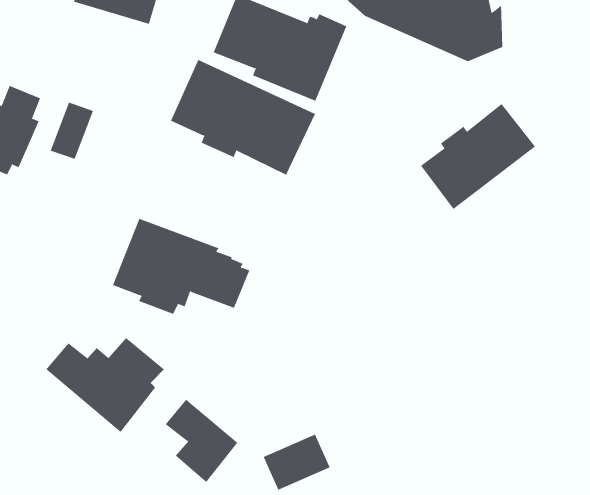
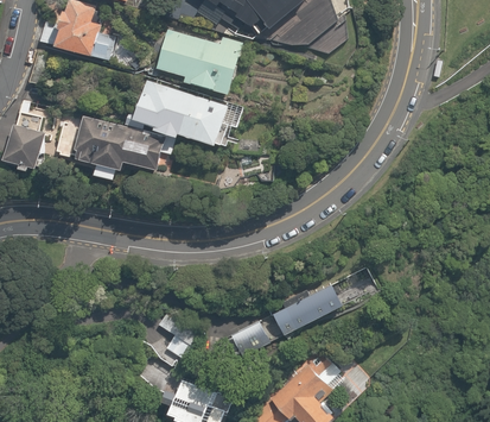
building: [420,103,536,210] -> none
building: [112,218,250,315] -> [72,118,164,179]
building: [46,337,165,433] -> none
building: none -> [266,275,341,333]

